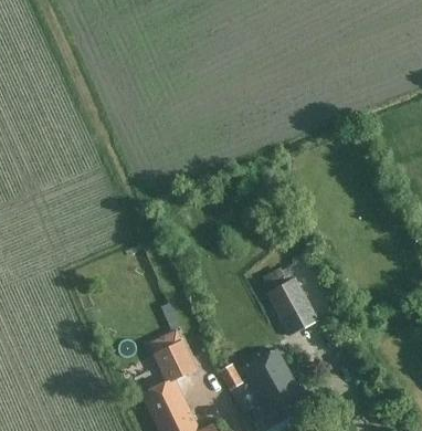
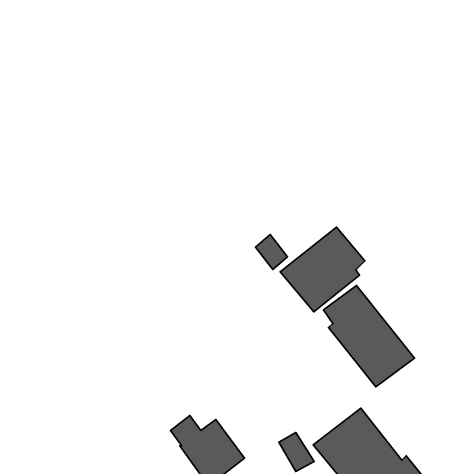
building: none -> [280,227,365,312]

